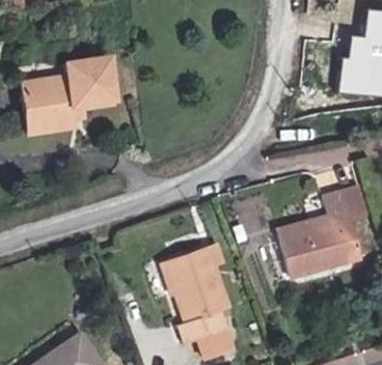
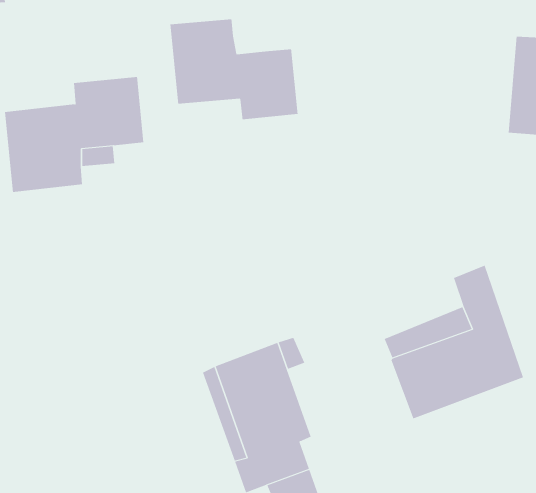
building: none -> [170,18,298,120]

